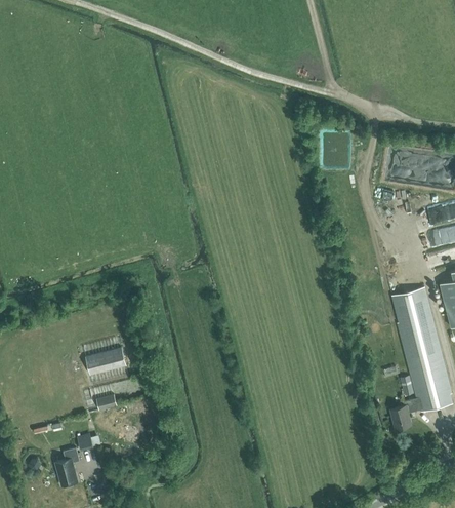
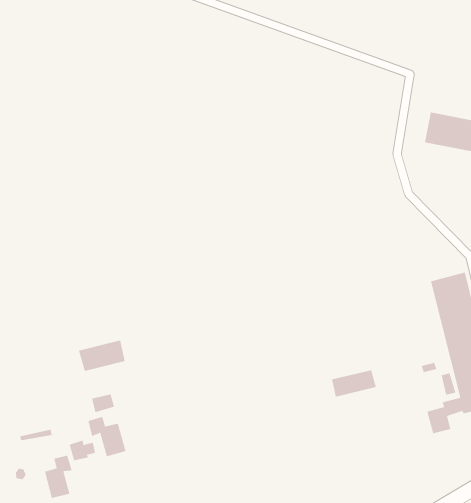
building: none -> [332,369,377,397]
building: none -> [88,416,126,457]

